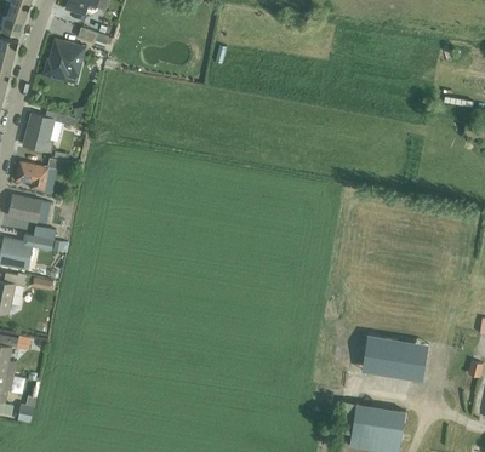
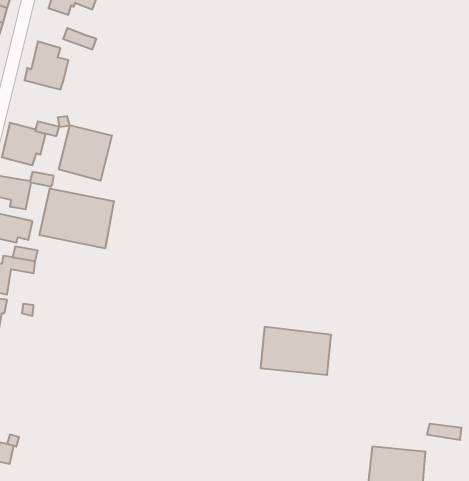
building: none -> [59,125,112,181]
building: none -> [40,188,114,248]
building: [367,338,432,382] -> [261,327,331,375]

